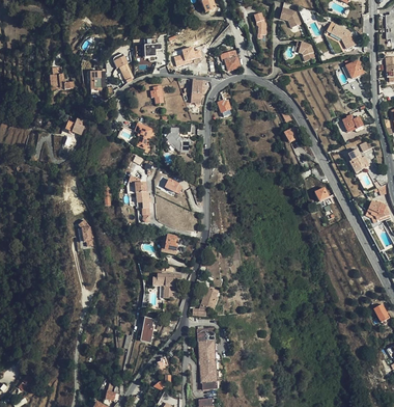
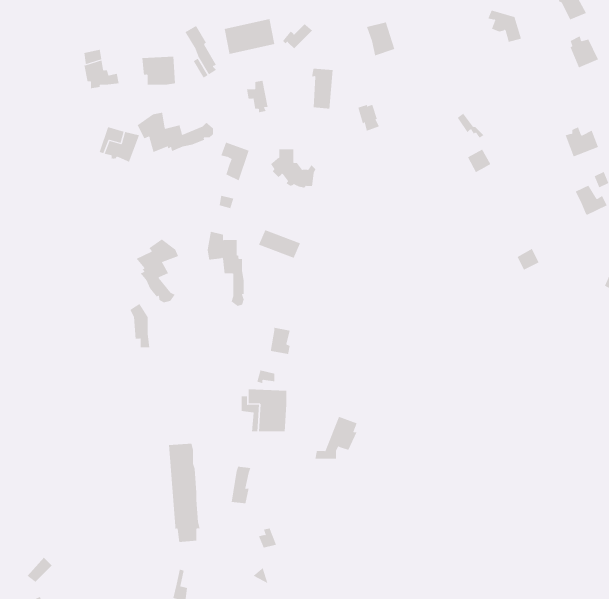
building: none -> [137,112,214,153]
building: none -> [136,239,179,303]
building: [197,330,217,390] -> [168,443,201,543]

